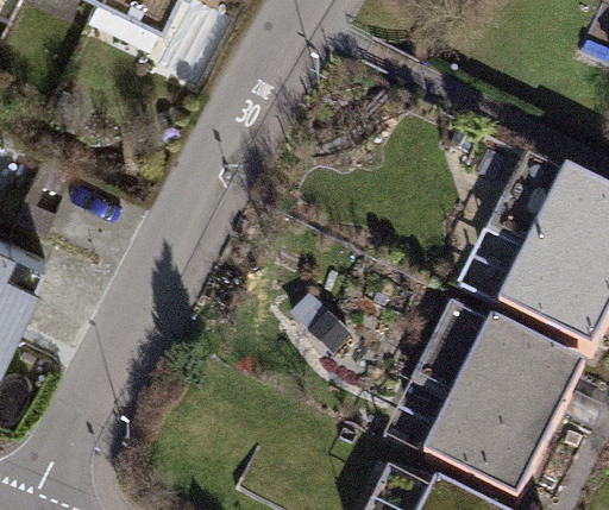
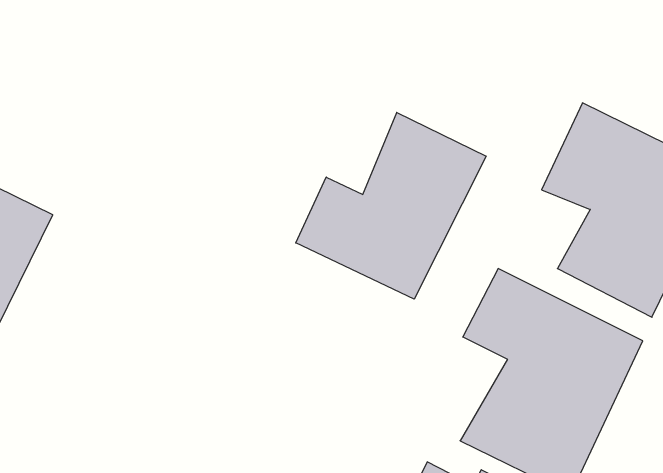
building: none -> [296,112,486,299]

